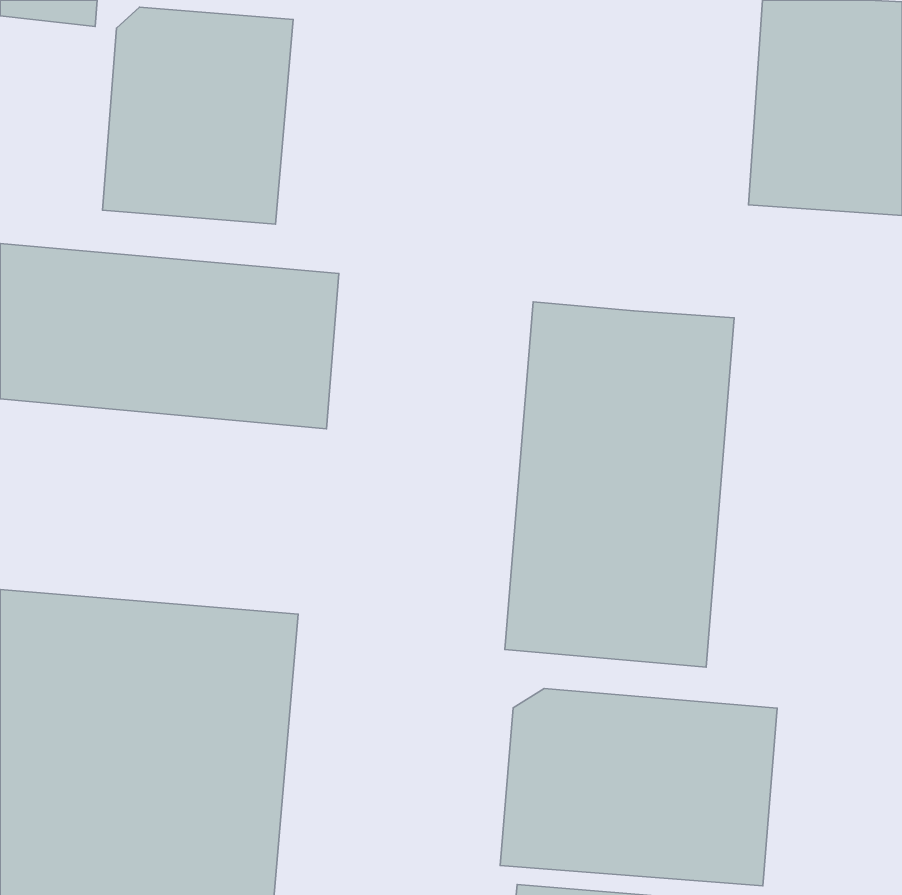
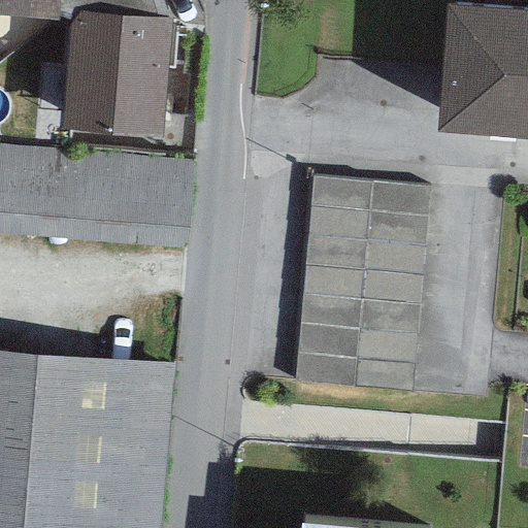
building: [500,689,777,886] -> none

